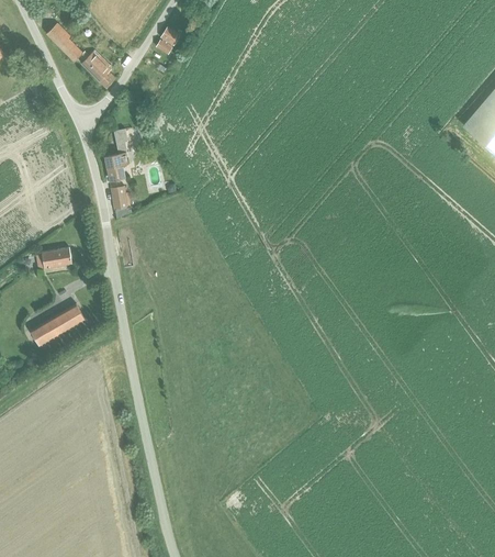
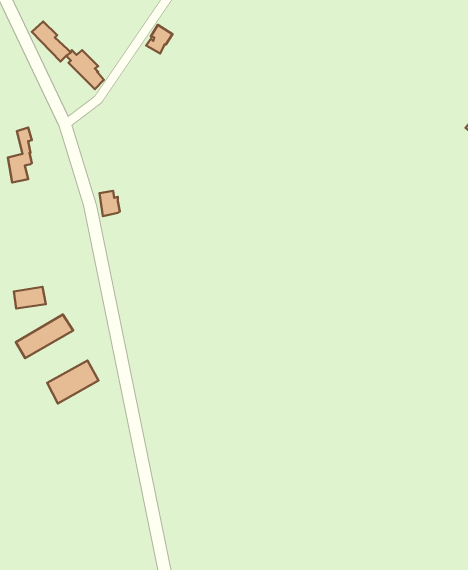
building: [105,129,128,181] -> [8,128,32,183]
building: [42,247,72,268] -> [14,287,46,309]
building: none -> [47,361,99,404]

